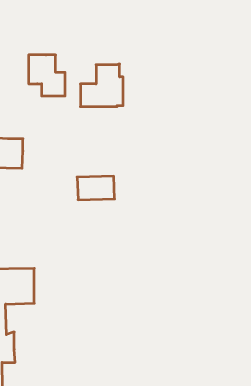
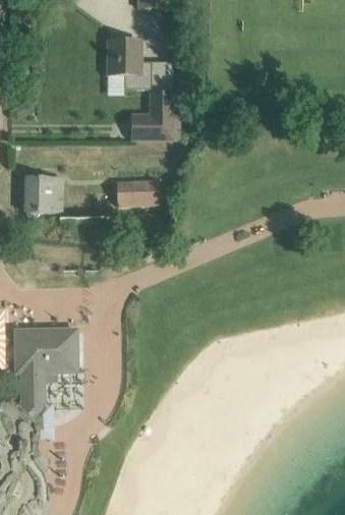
building: [29,55,65,96] -> [108,40,151,88]
building: [77,176,115,200] -> [117,177,161,205]

